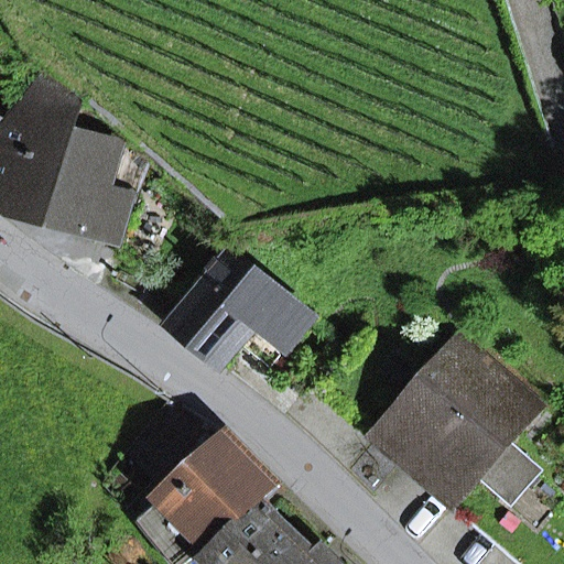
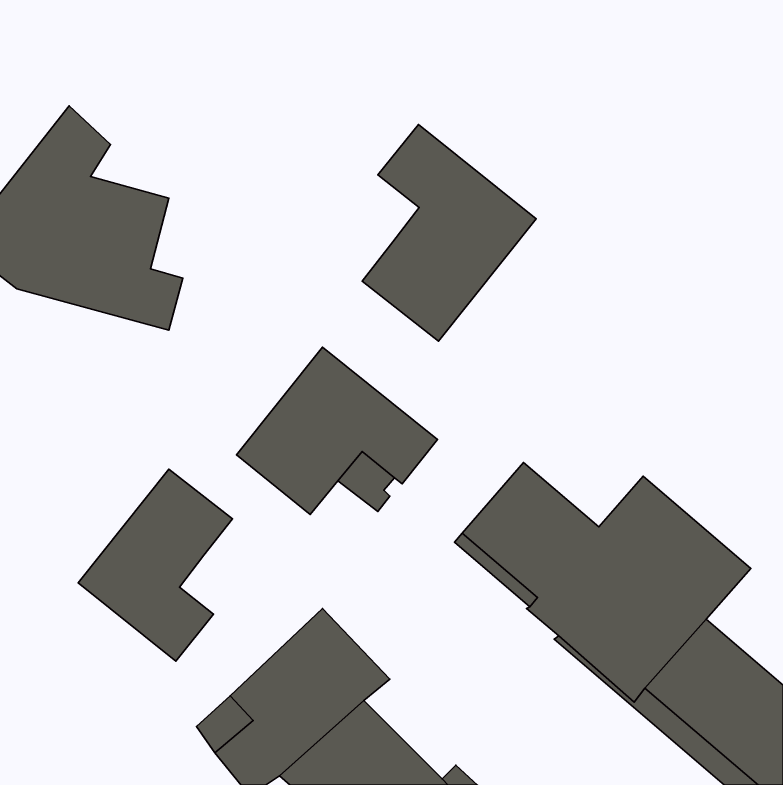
building: none -> [362,125,536,341]
building: none -> [78,469,232,661]

